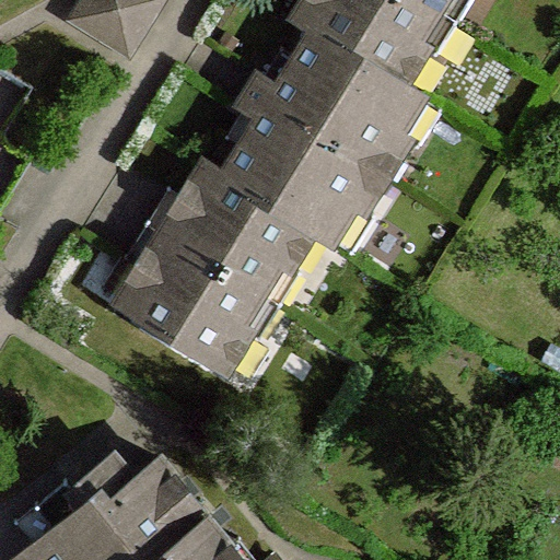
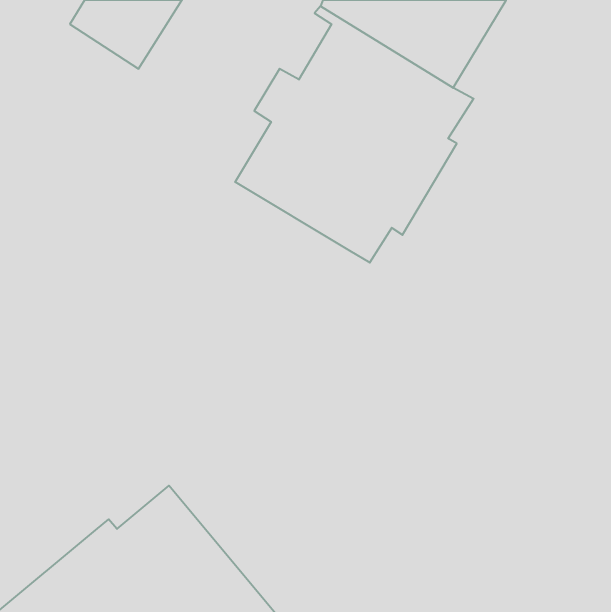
building: [110,158,317,373] -> none

